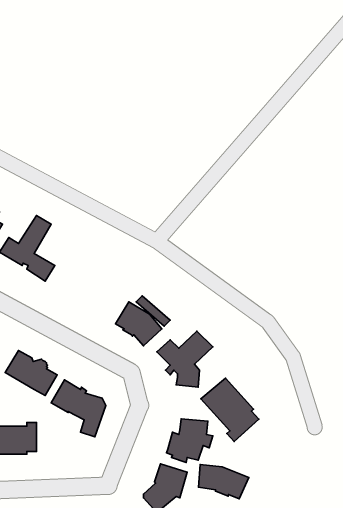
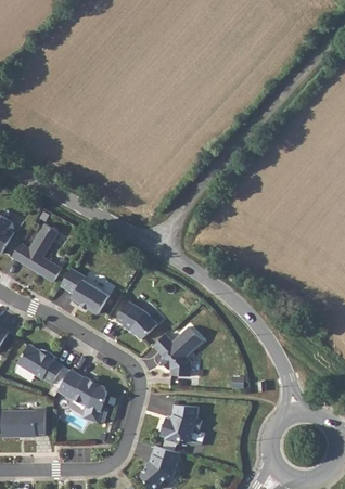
building: none -> [60,268,108,313]
building: [201,378,259,442] -> none
building: [198,464,249,499] -> none

